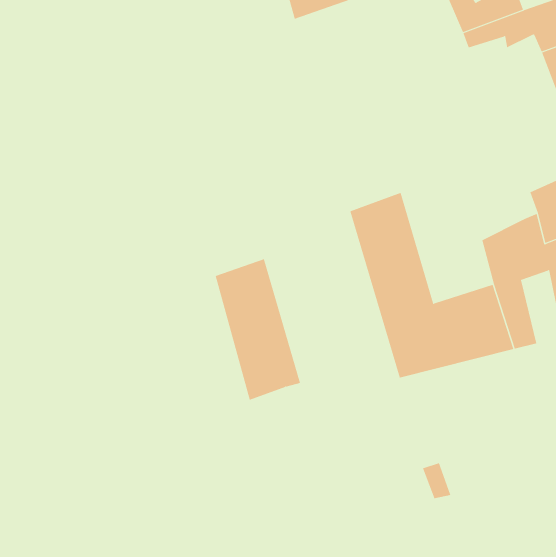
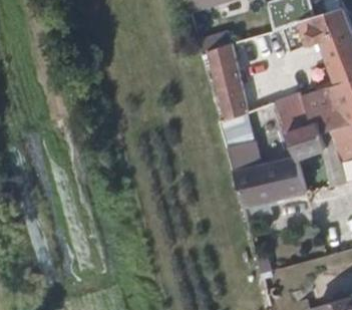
building: none -> [274,90,308,133]
building: [215,259,301,400] -> [207,41,252,115]

